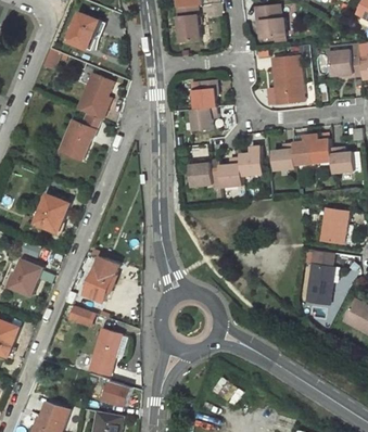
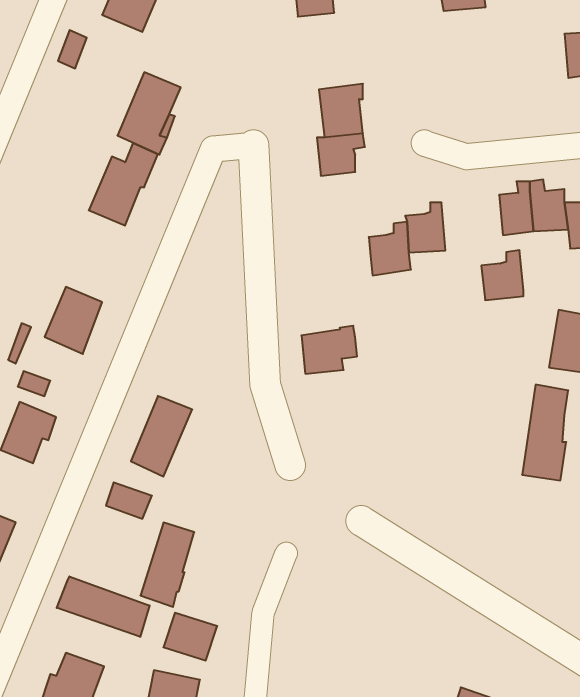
building: [271,56,303,103] -> none
building: [270,142,294,170] -> [481,250,523,300]
building: [188,160,219,187] -> [301,326,357,374]
building: none -> [57,576,150,637]

